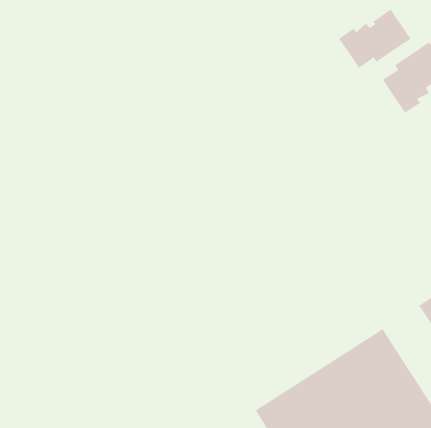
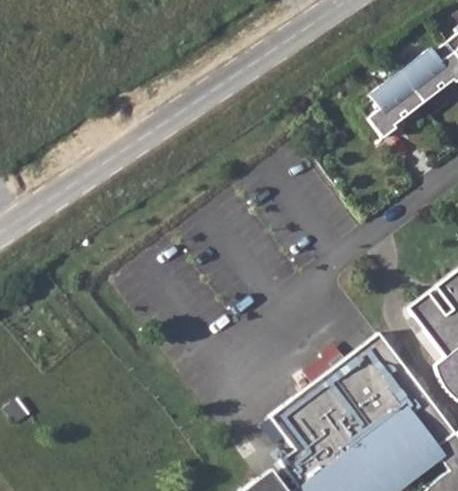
building: [338,9,411,69] -> none

